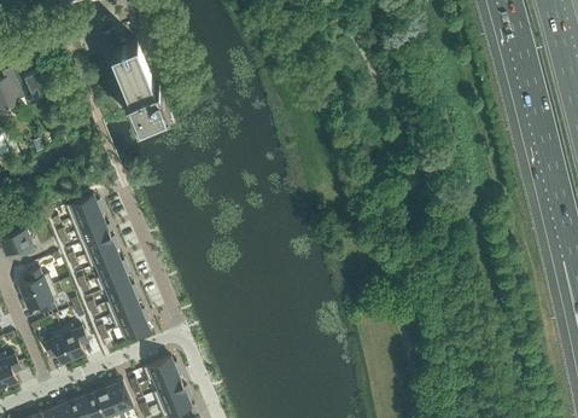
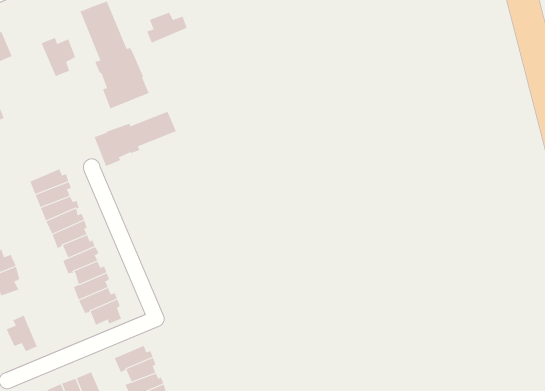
building: none -> [147,12,188,43]
building: none -> [41,37,76,77]
building: none -> [94,111,176,167]
building: [59,324,87,358] -> none

